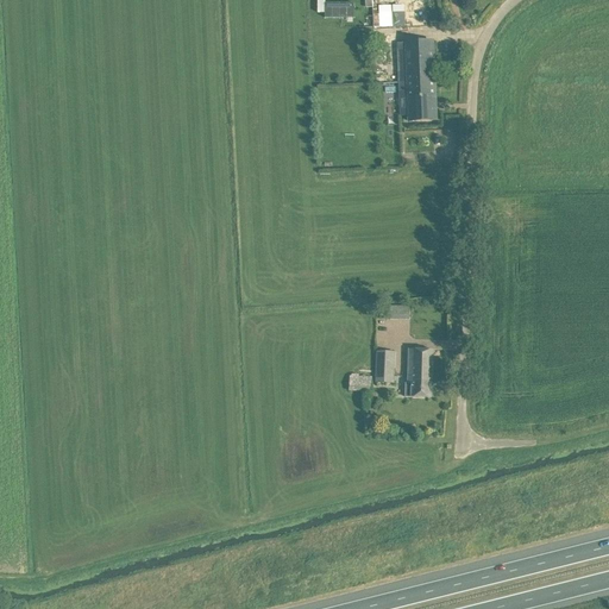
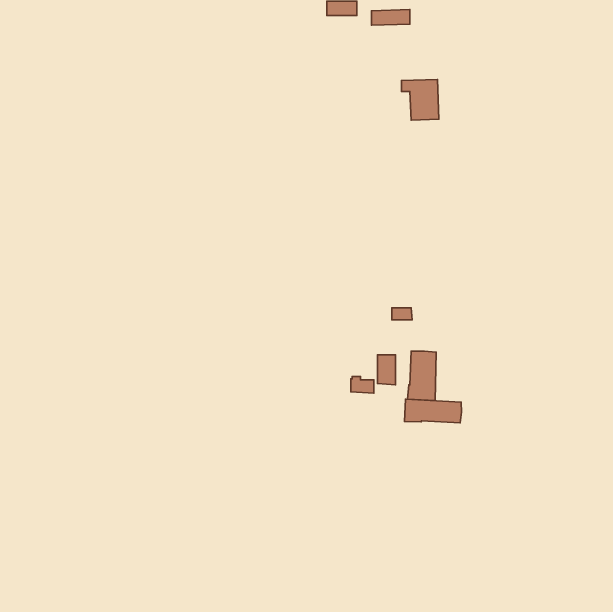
building: [396,39,433,80] -> none
building: none -> [404,399,461,423]

